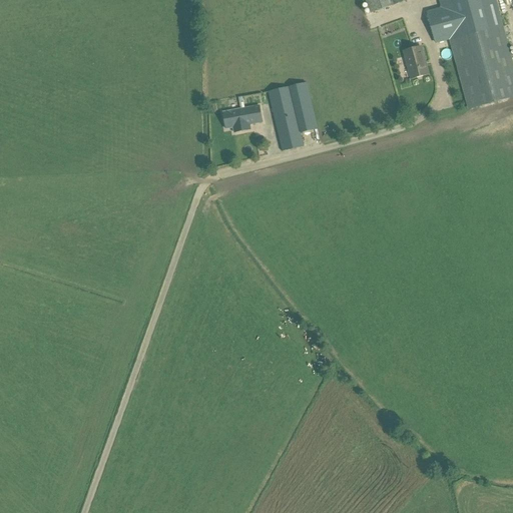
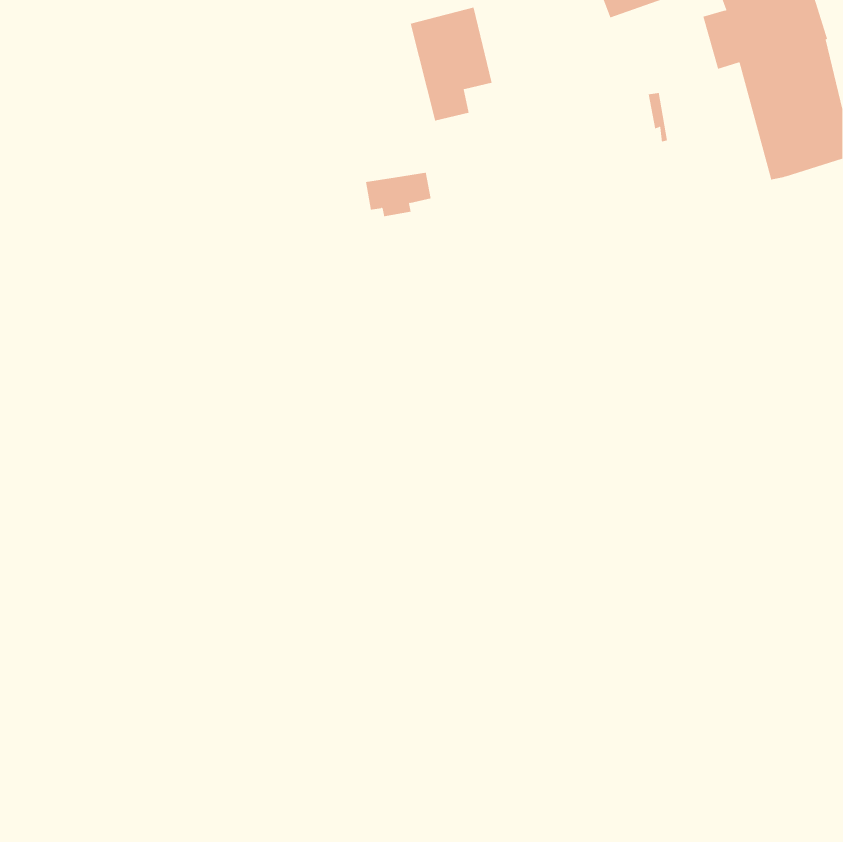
building: [403,45,428,77] -> none
building: [267,81,317,150] -> [410,7,492,121]

